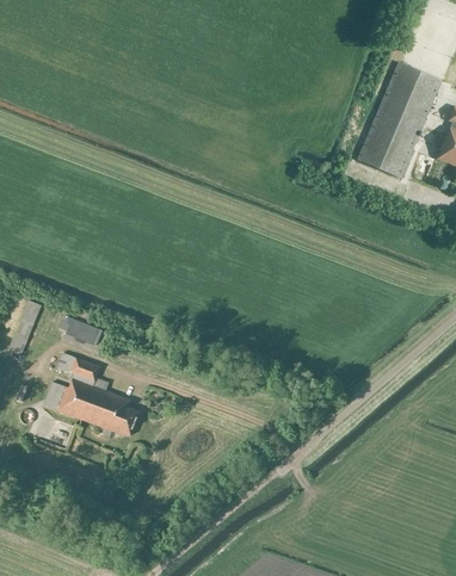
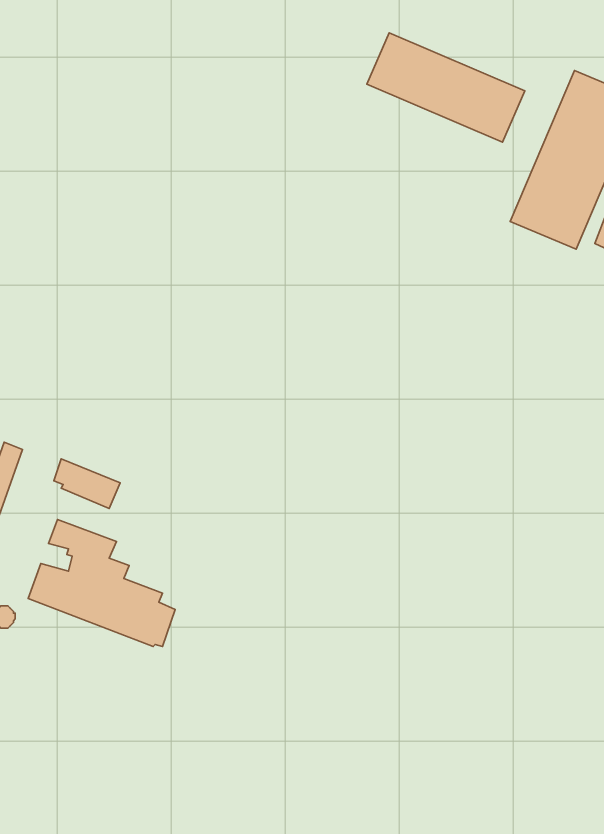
building: none -> [367,33,525,142]

